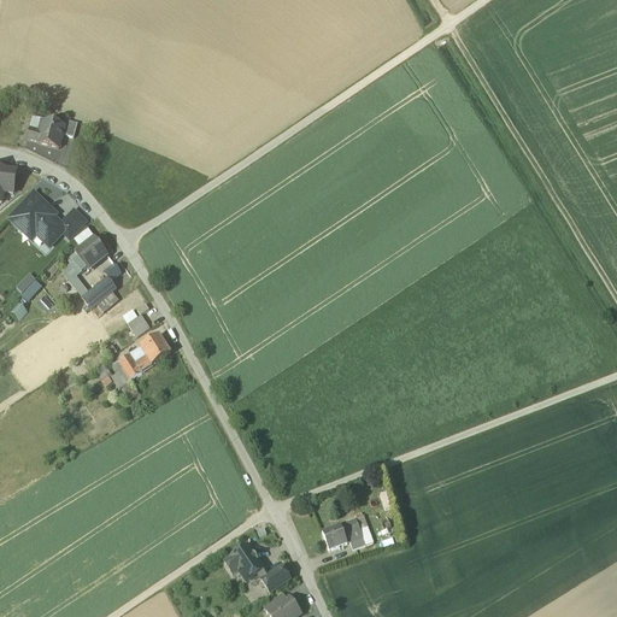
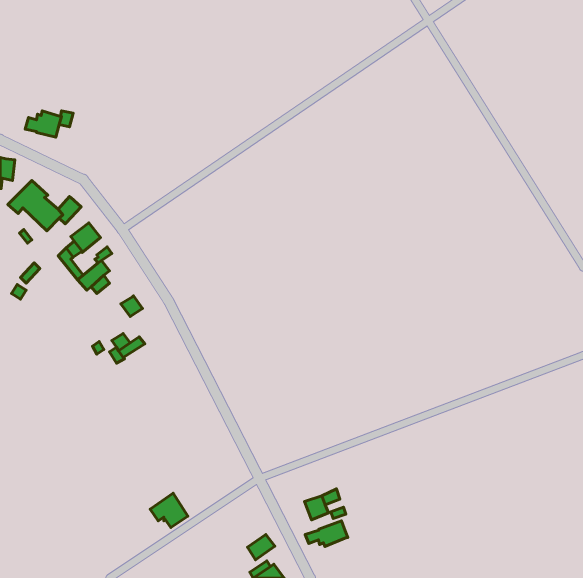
building: [141,333,171,364] -> none
building: [224,542,264,578] -> [150,493,188,528]
building: none -> [305,521,348,547]

